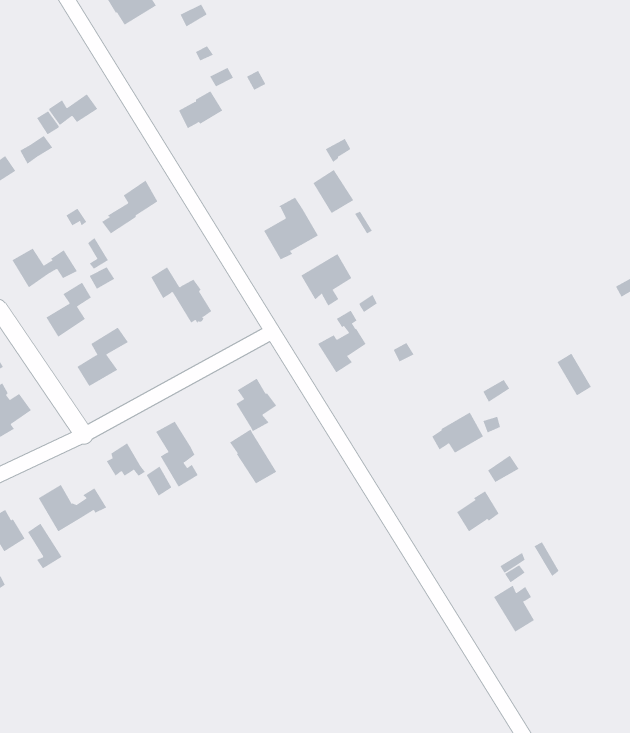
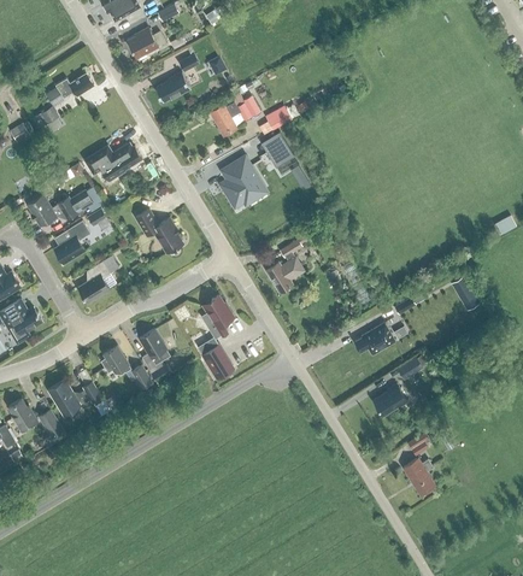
building: none -> [128,27,166,57]
building: none -> [210,96,259,136]
building: [301,253,352,306] -> none

